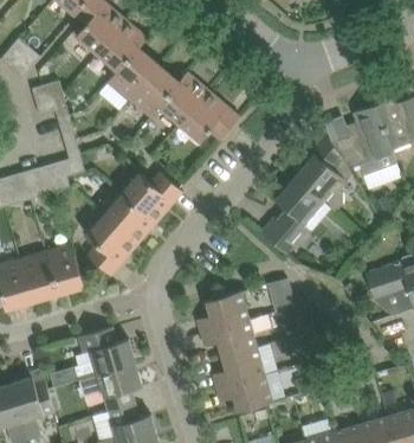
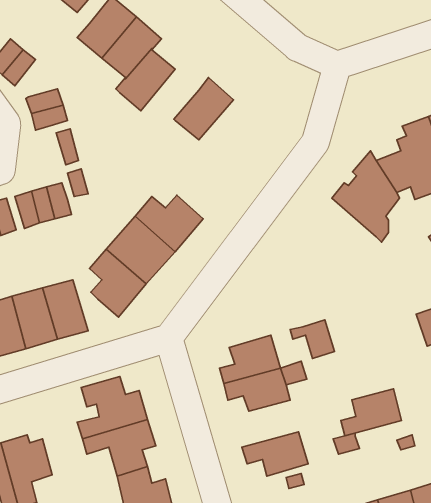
building: [129,64,179,117] -> none
building: [179,90,239,142] -> none
building: [260,174,330,255] -> none
building: [212,347,264,387] -> [341,389,402,436]

